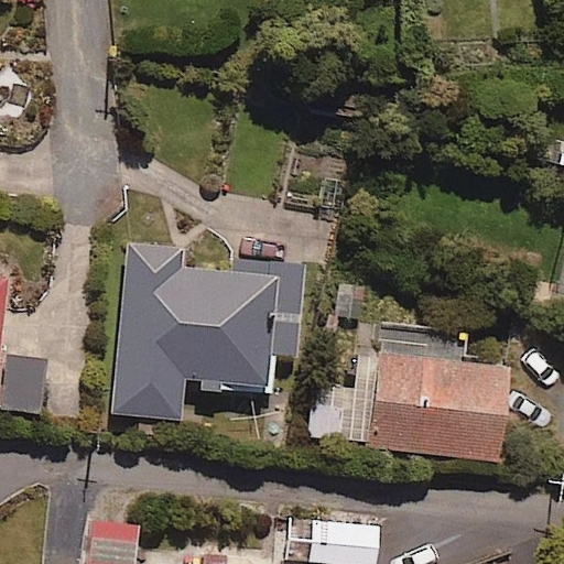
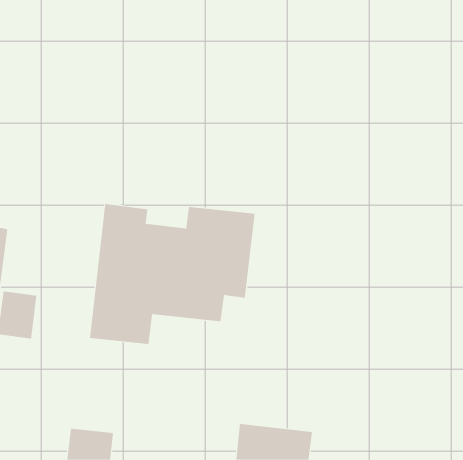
building: [364,355,507,465] -> none

